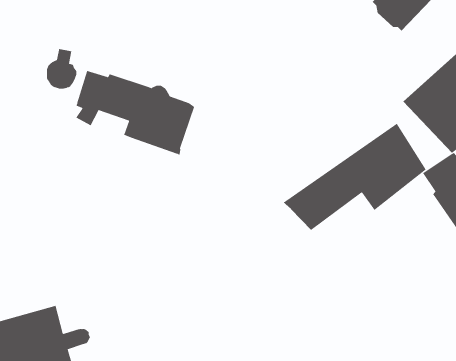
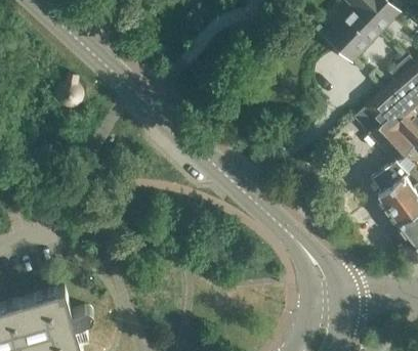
building: [76,70,195,155] -> none
building: [283,123,427,231] -> none

